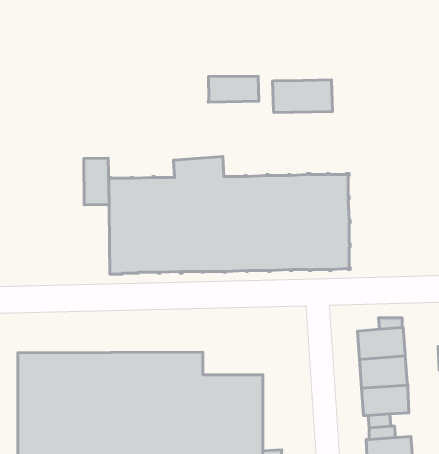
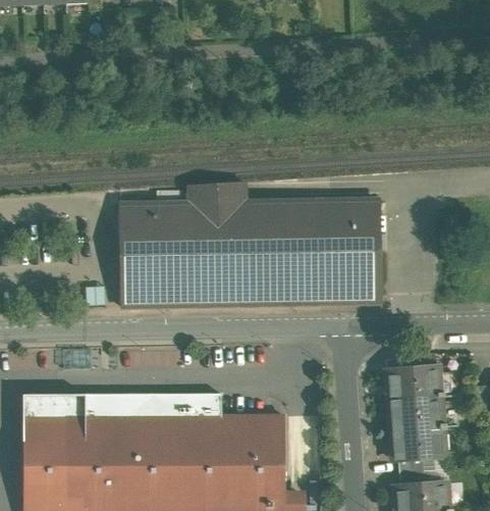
building: [208,76,259,102] -> none
building: [273,80,333,112] -> none
building: [84,158,109,205] -> none

